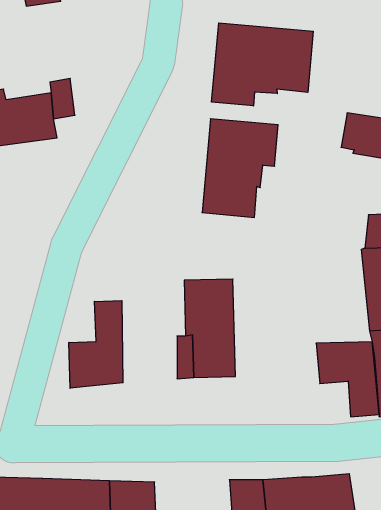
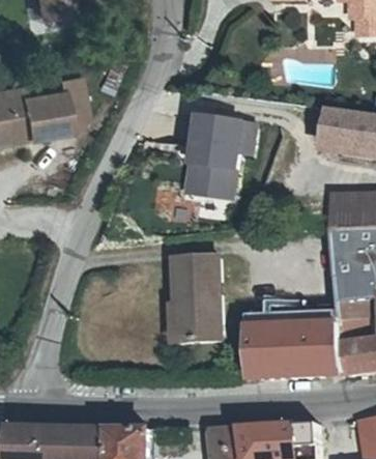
building: [212,23,313,106] -> none
building: [69,301,123,388] -> none
building: none -> [242,310,319,377]

